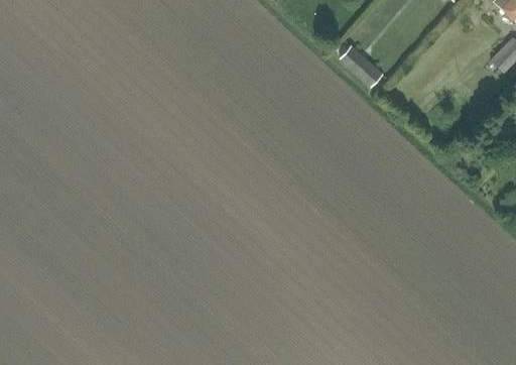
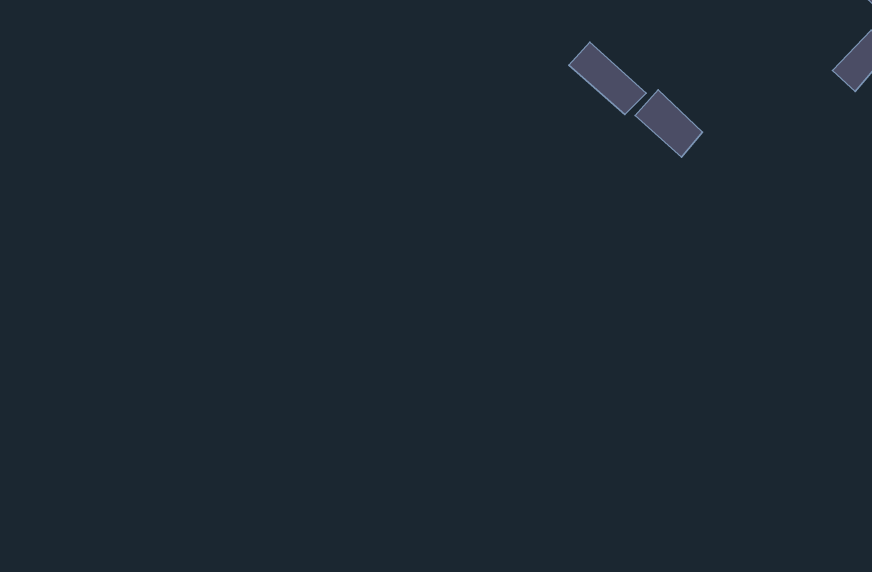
building: none -> [635,90,703,157]

